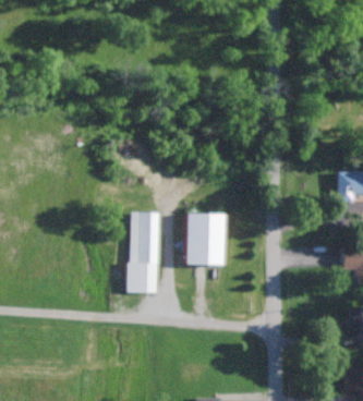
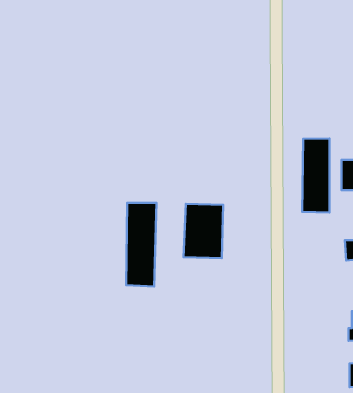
building: none -> [302,139,329,213]

